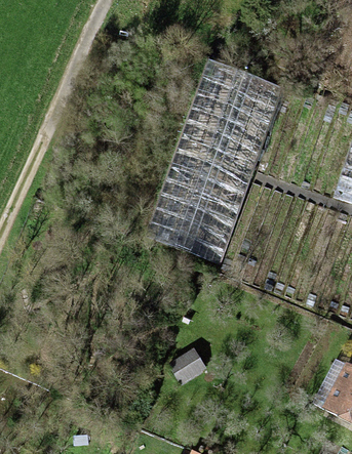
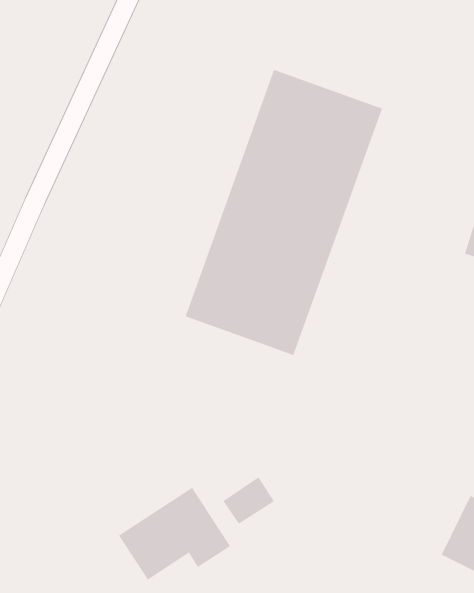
building: none -> [118,487,231,580]

